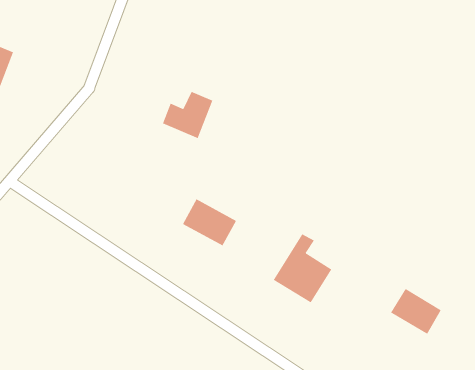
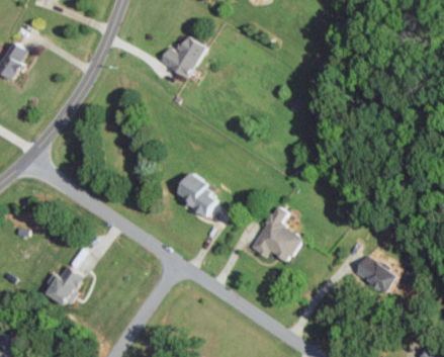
building: [162,91,213,139] -> [159,36,203,78]
building: none -> [46,264,86,307]

